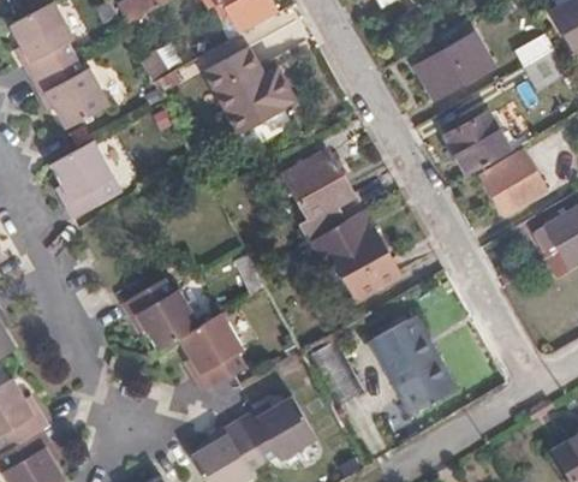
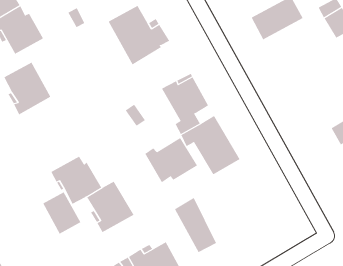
building: [448,113,513,175] -> none
building: [484,155,546,214] -> none
building: none -> [144,137,198,183]
building: [370,319,455,415] -> none
building: none -> [42,191,81,234]

